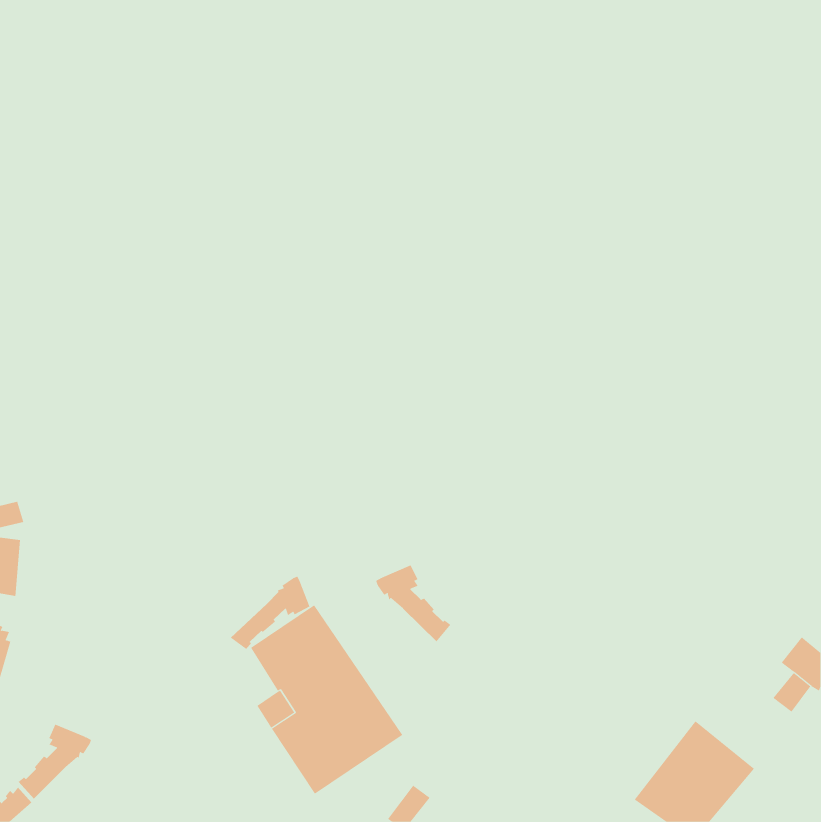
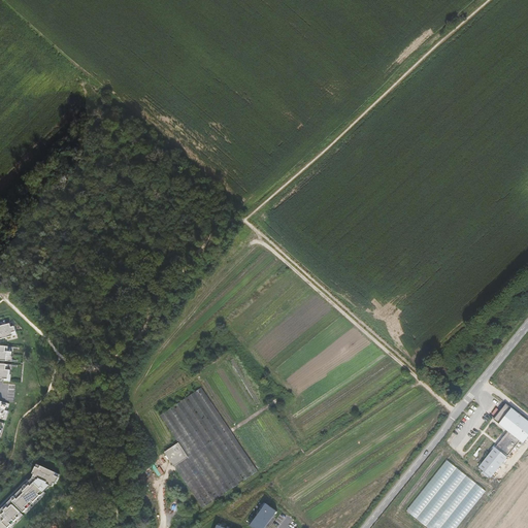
building: [375,565,451,642] -> none
building: [230,576,310,650] -> none
building: none -> [477,447,506,476]

